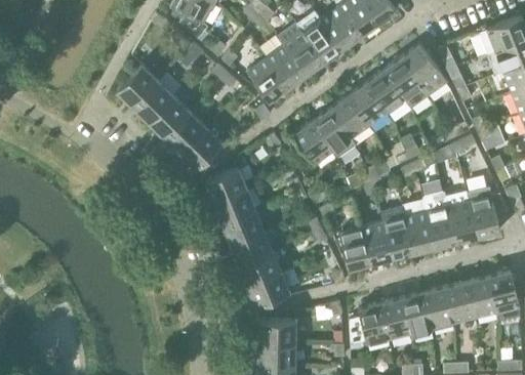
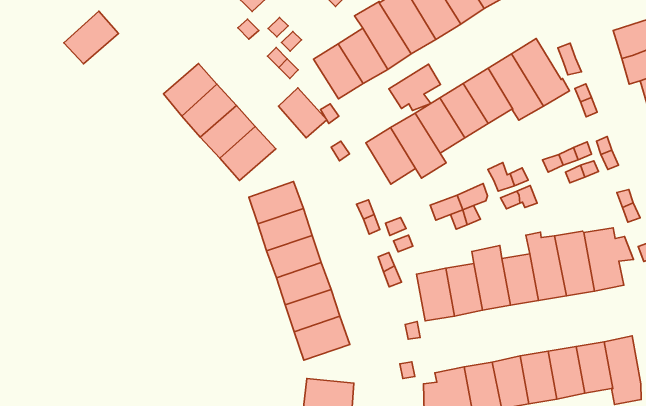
building: [116,65,158,107] -> [64,11,118,64]
building: none -> [389,64,441,111]
building: none -> [278,88,327,138]

